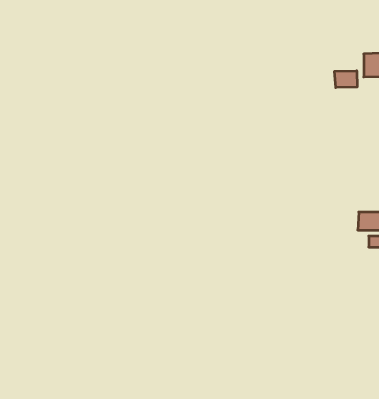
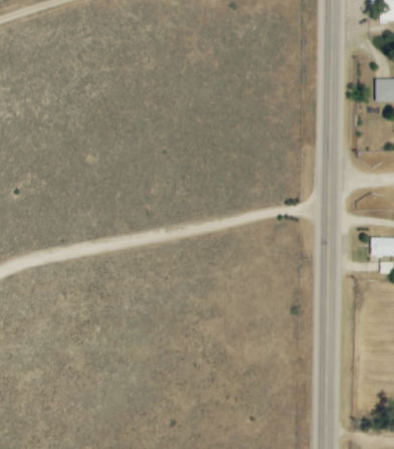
building: [335,71,357,88] -> none

